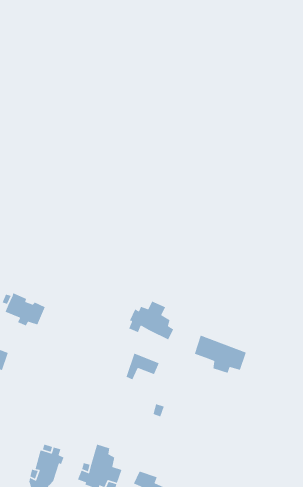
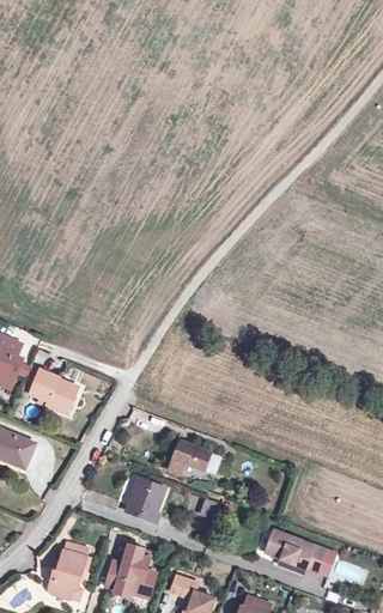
building: [128,301,174,340] -> none
building: [194,335,247,374] -> [261,529,322,575]
building: none -> [121,478,163,521]

